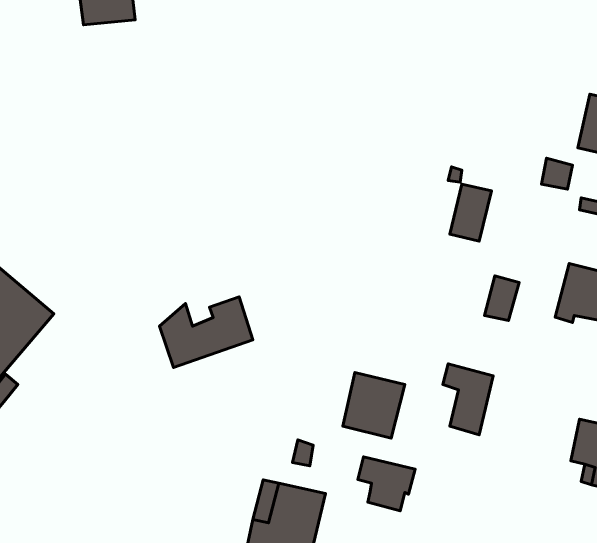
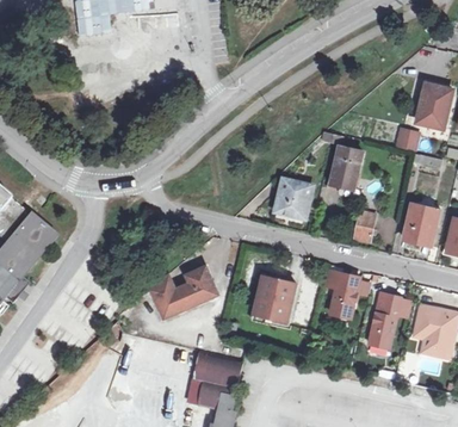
building: none -> [274,177,311,217]
building: [160,297,253,368] -> [153,265,217,314]
building: none -> [367,291,410,347]
building: [358,457,415,511] -> none

